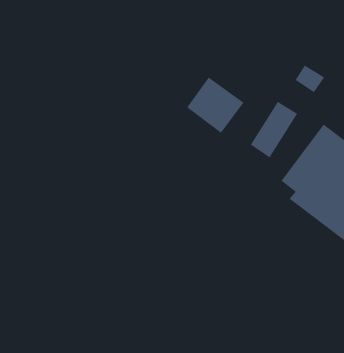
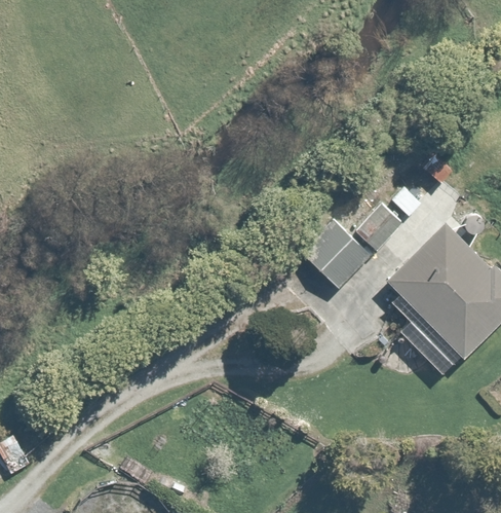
building: [186,76,245,134] -> [302,222,371,291]

